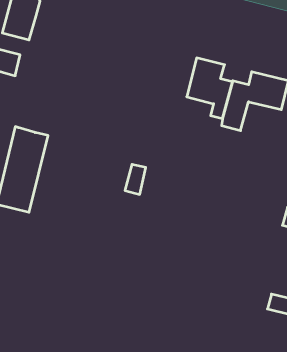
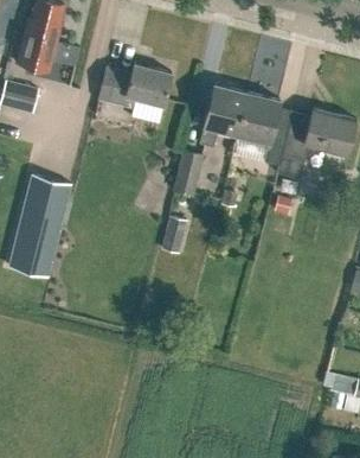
building: none -> [99,64,172,108]
building: none -> [200,84,248,147]
building: none -> [174,150,204,195]

